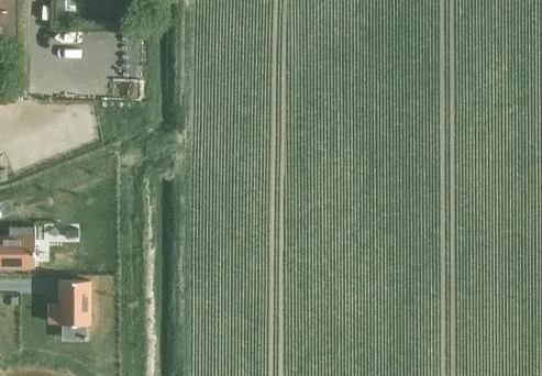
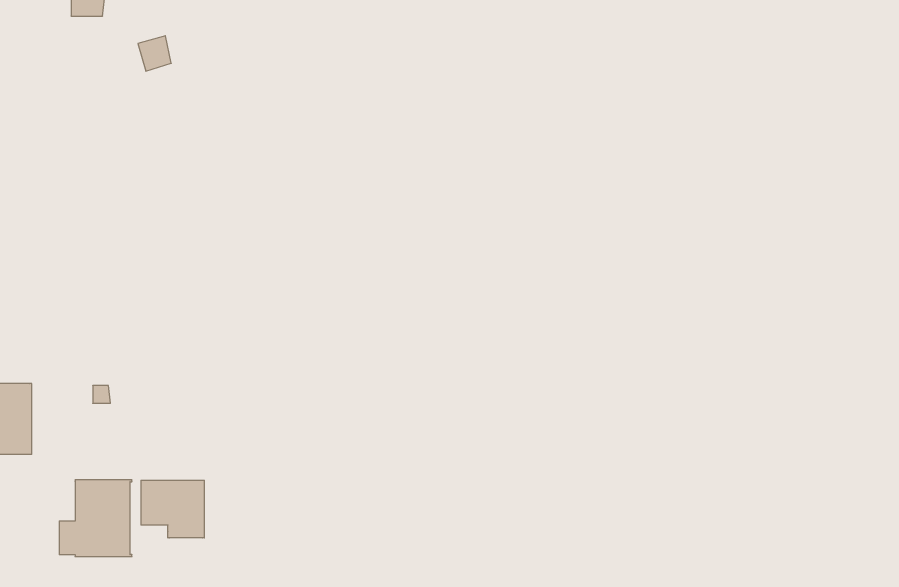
building: none -> [141,480,204,538]

